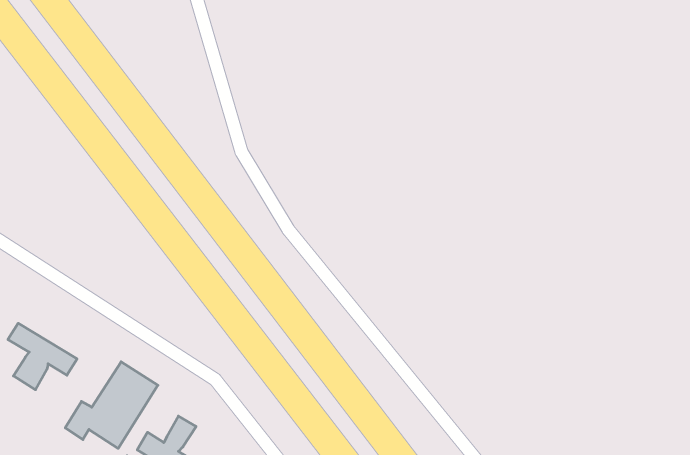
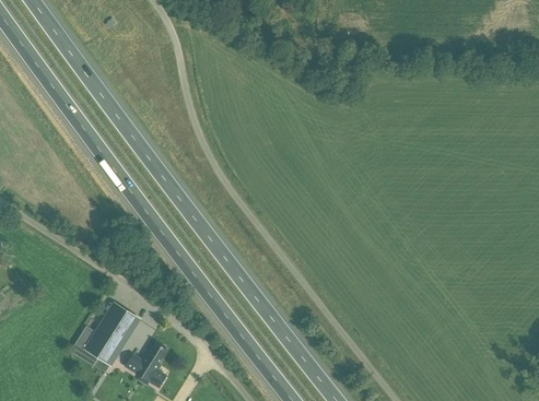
building: [8,323,77,390] -> none

